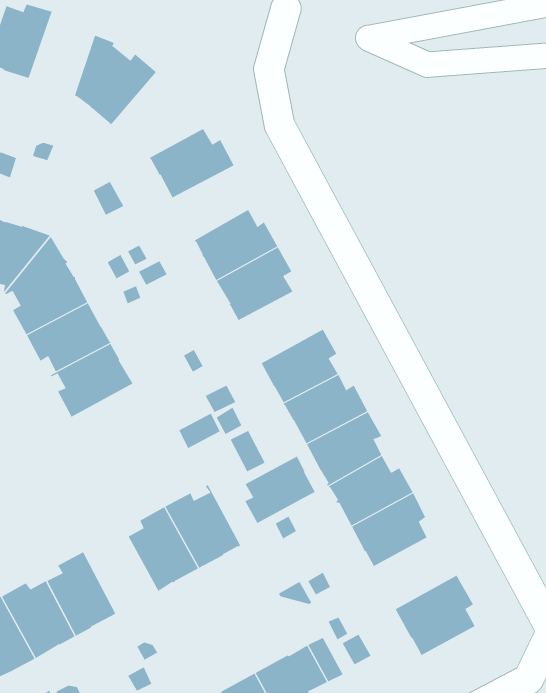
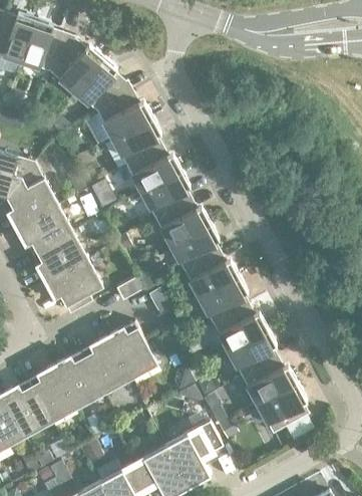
building: none -> [19,19,61,73]
building: none -> [72,58,131,113]
building: none -> [111,118,160,167]
building: none -> [153,200,209,246]
building: none -> [46,259,101,315]
building: [245,455,315,524] -> none
building: none -> [54,353,102,408]
building: none -> [241,358,295,405]

